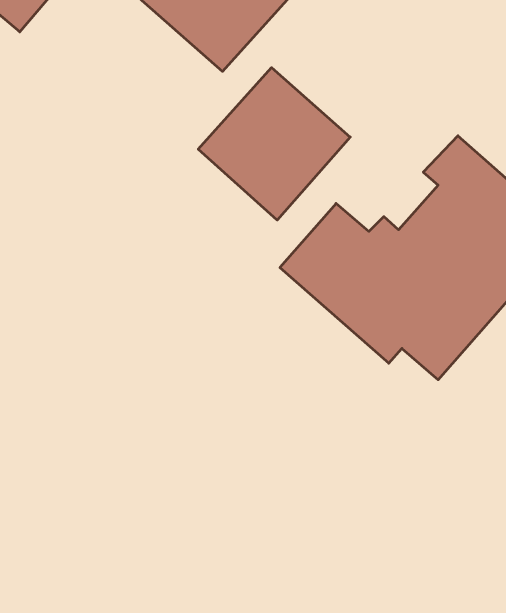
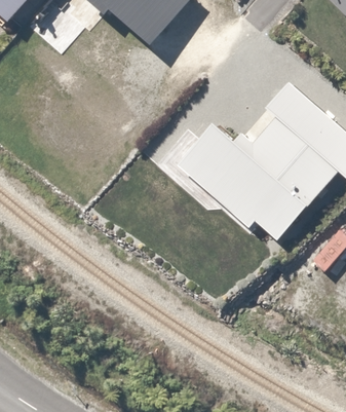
building: [198,68,350,220] -> none

